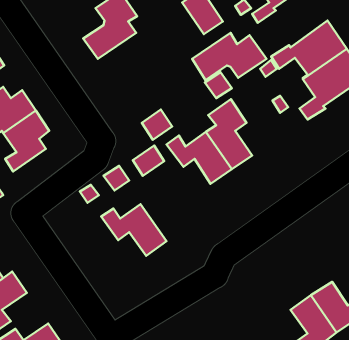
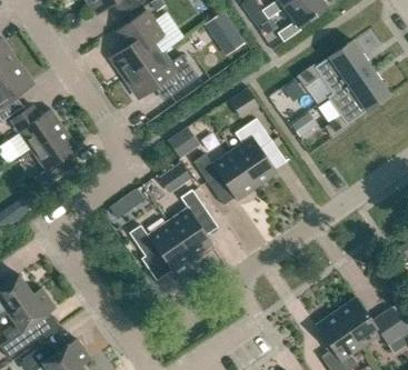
building: [192,33,266,80] -> [126,52,199,99]
building: none -> [168,190,213,258]

